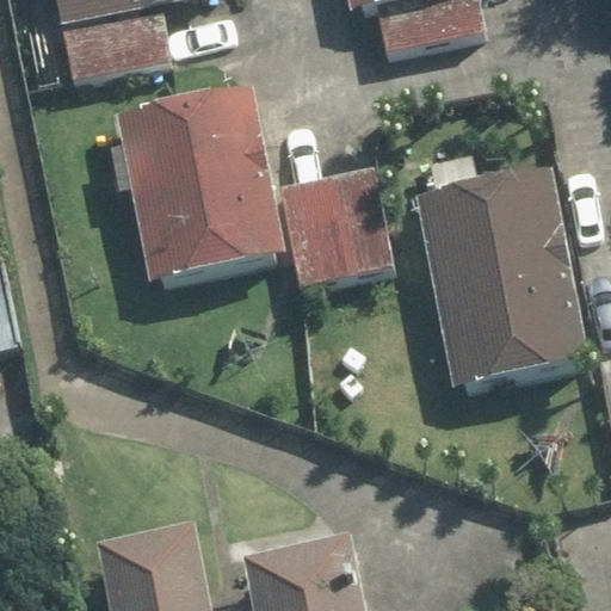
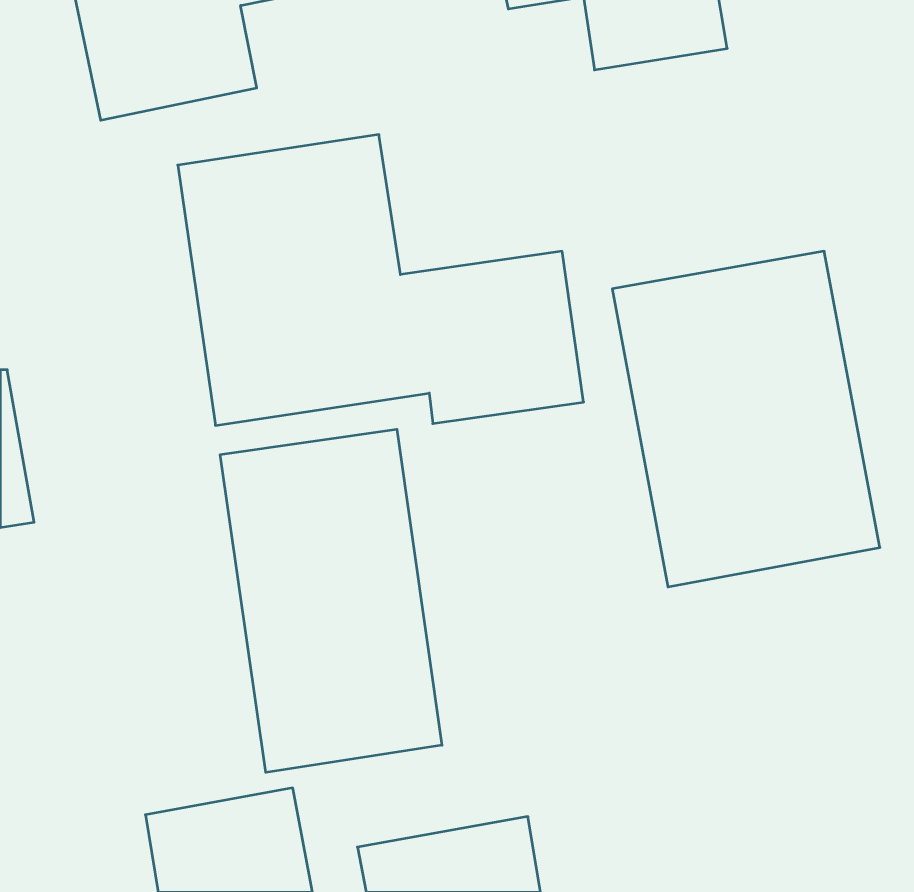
building: none -> [220,429,442,772]

